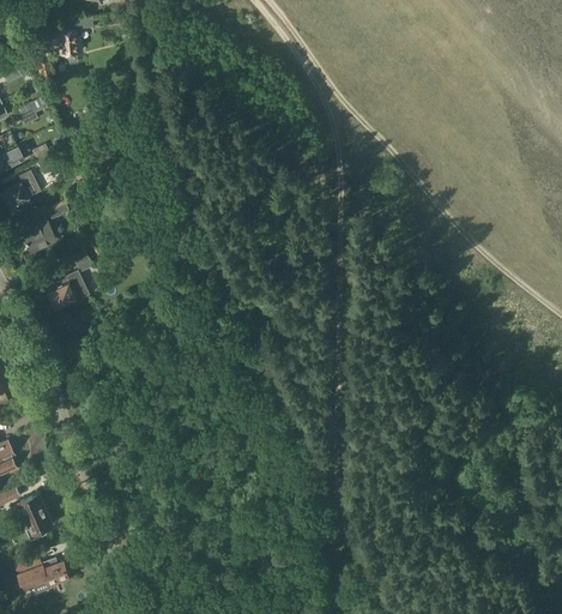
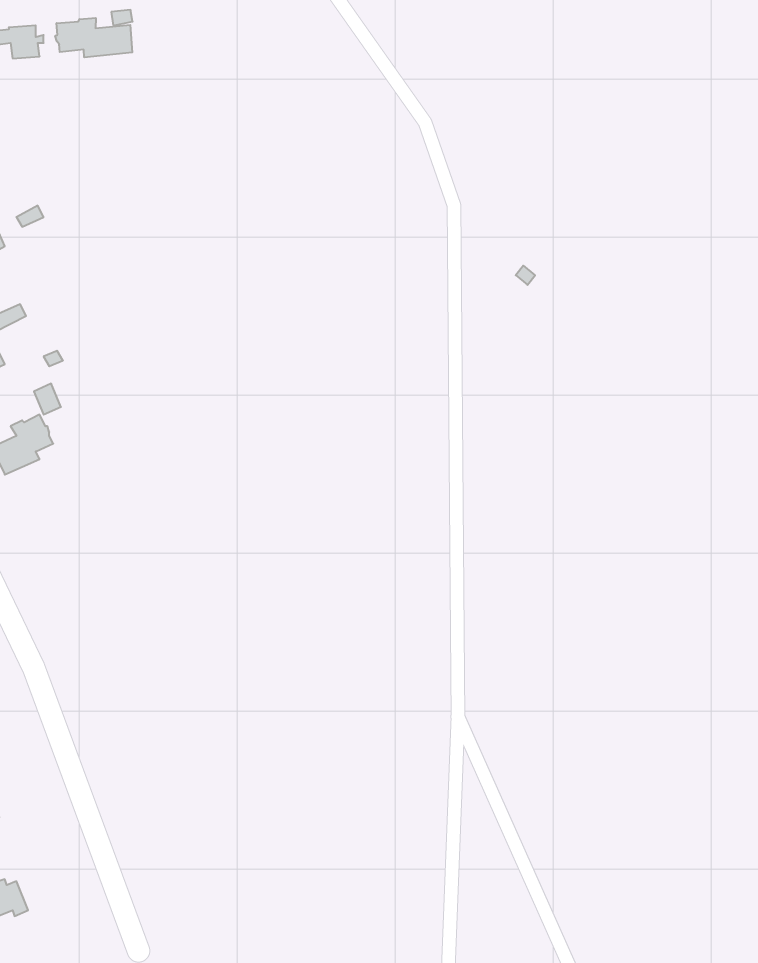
building: none -> [55,18,132,57]

